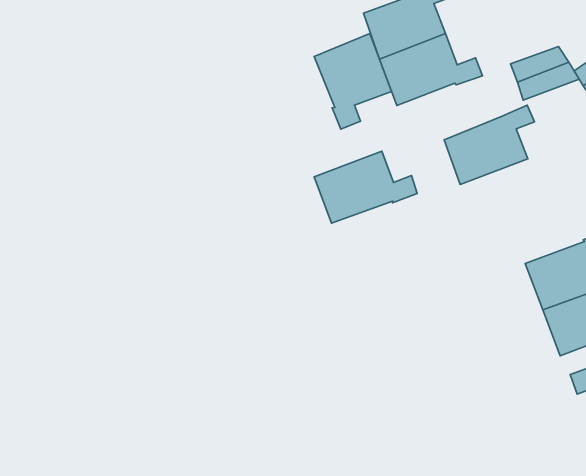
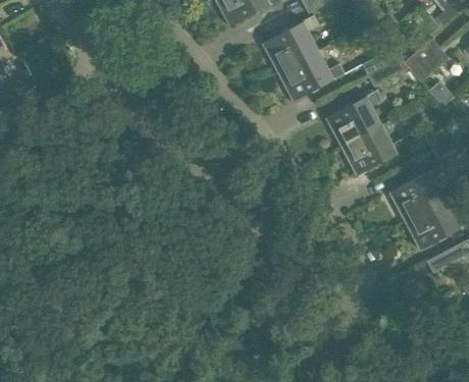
building: [314,34,392,129] -> none
building: [314,151,417,223] -> [341,123,409,174]

